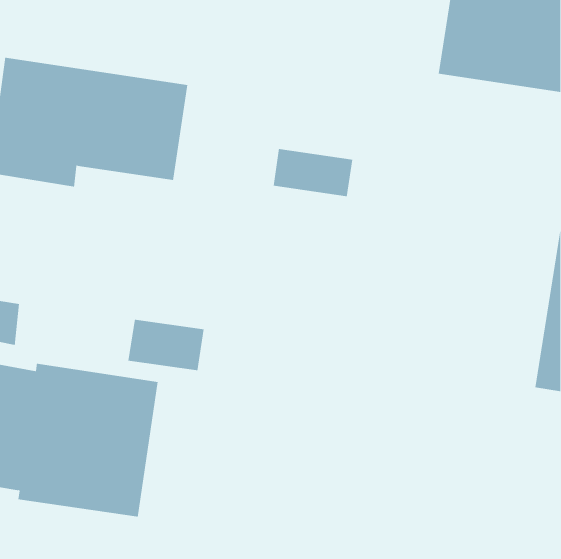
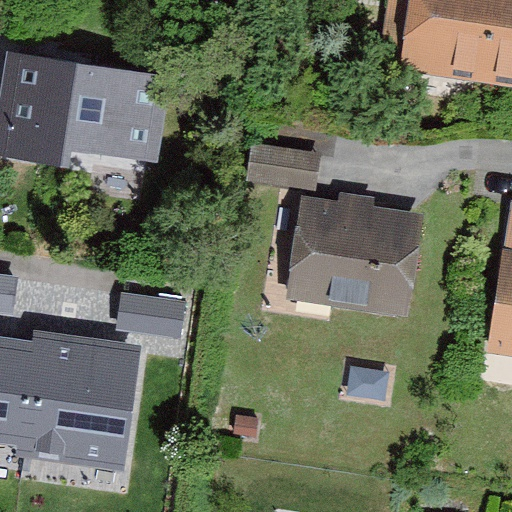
building: none -> [285,197,423,316]

